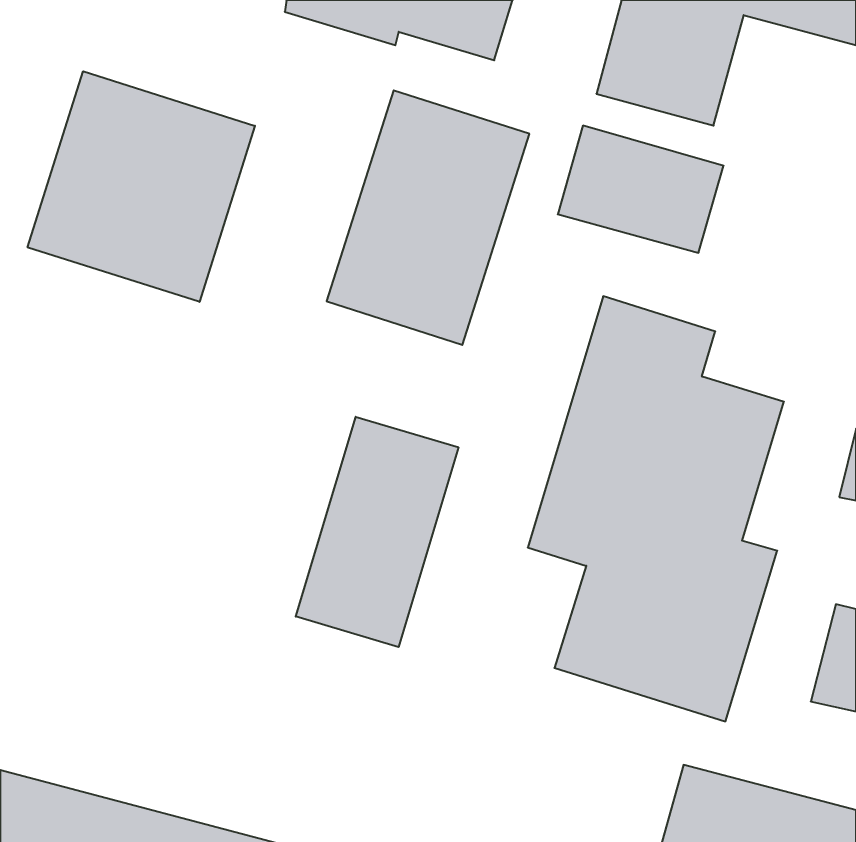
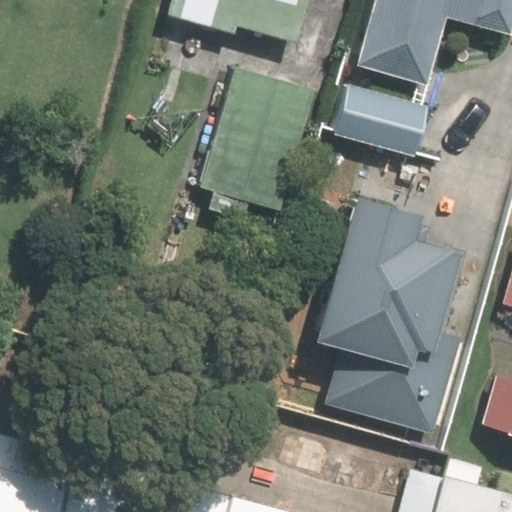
building: [28,71,255,302] -> none
building: [296,417,458,647] -> none

